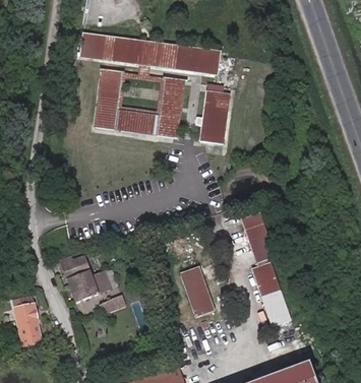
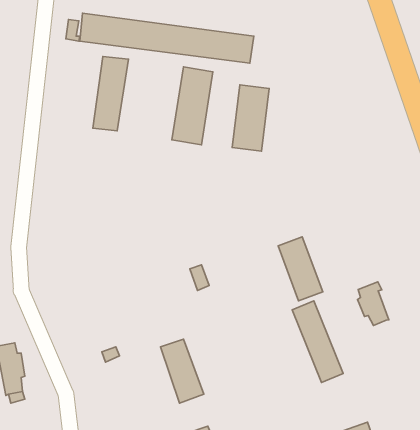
building: [114,106,156,134] -> none
building: none -> [357,282,389,325]
building: [62,258,109,302] -> none
building: [180,264,215,315] -> [160,339,204,403]

